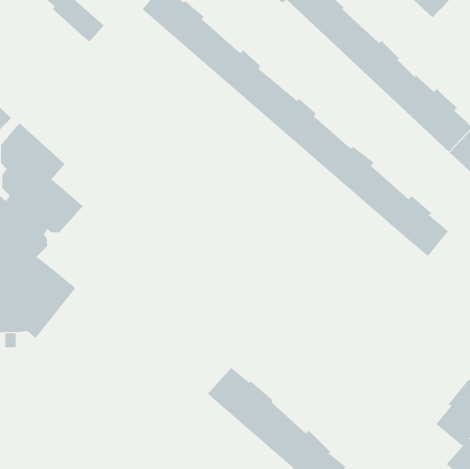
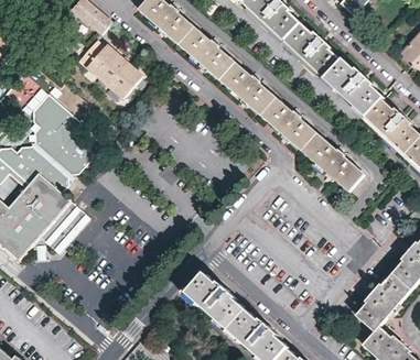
building: none -> [77,41,141,99]

